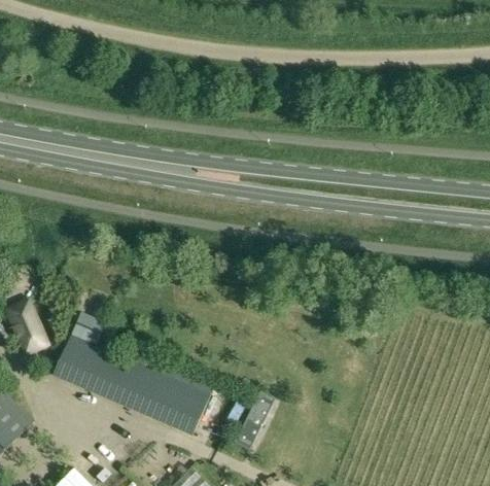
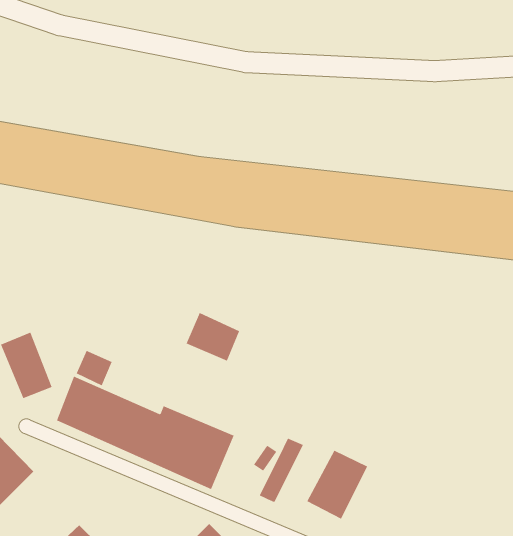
building: none -> [186,312,240,361]
building: none -> [306,450,368,519]

